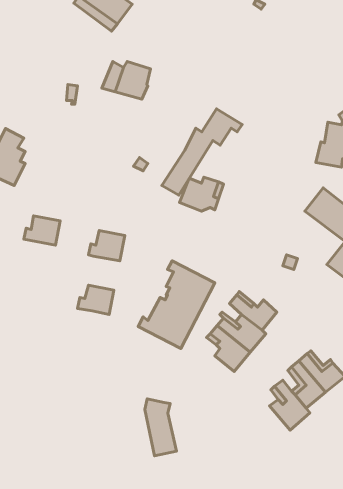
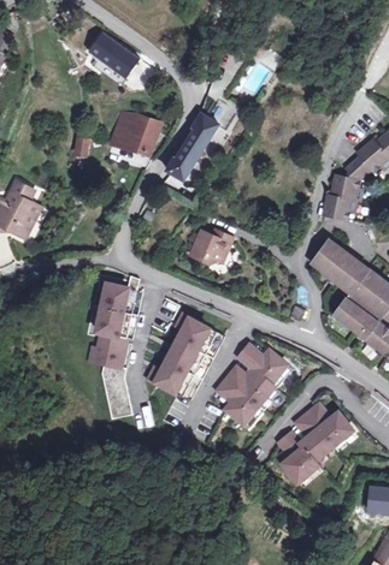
building: [162,109,242,195] -> [167,94,247,179]
building: [24,216,60,245] -> [93,308,129,337]
building: [145,399,176,456] -> [99,362,130,418]

